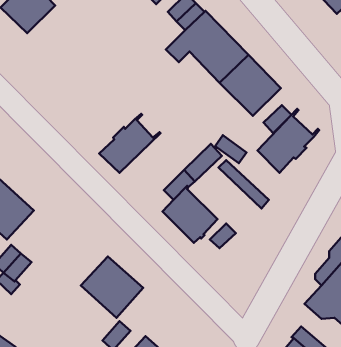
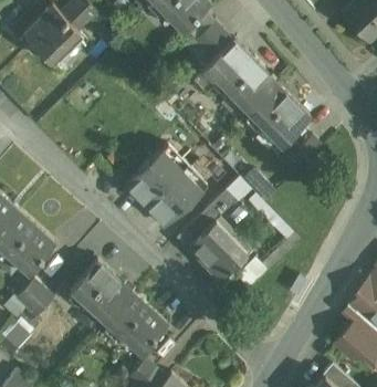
building: [258,109,319,173] -> none
building: none -> [145,166,207,228]
building: none -> [70,261,133,323]

